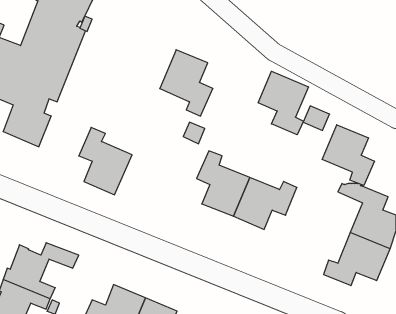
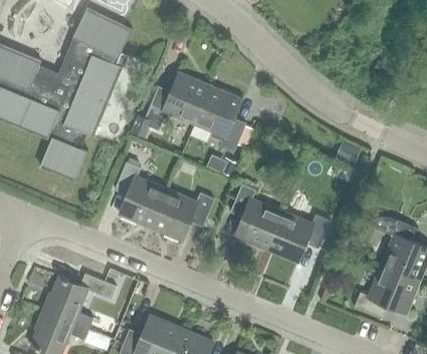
building: none -> [130,72,210,138]
building: [258,71,308,135] -> none
building: [322,125,374,185] -> none
building: none -> [150,189,214,241]

